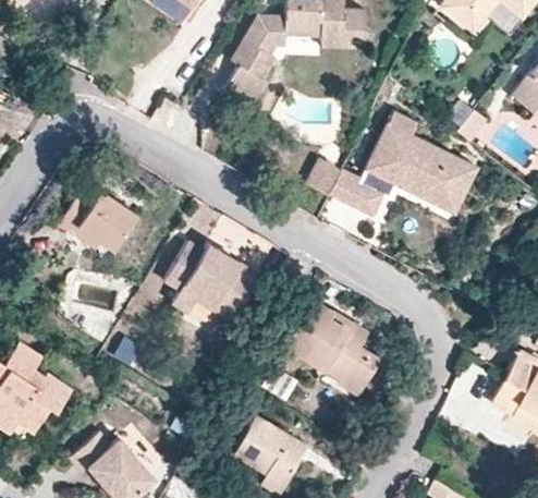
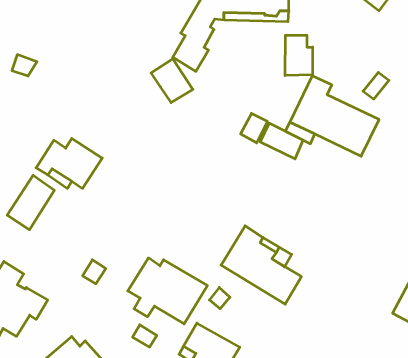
building: none -> [285,35,313,76]
building: none -> [151,59,193,103]
building: none -> [7,175,54,230]
building: [163,241,260,321] -> [128,258,207,324]

